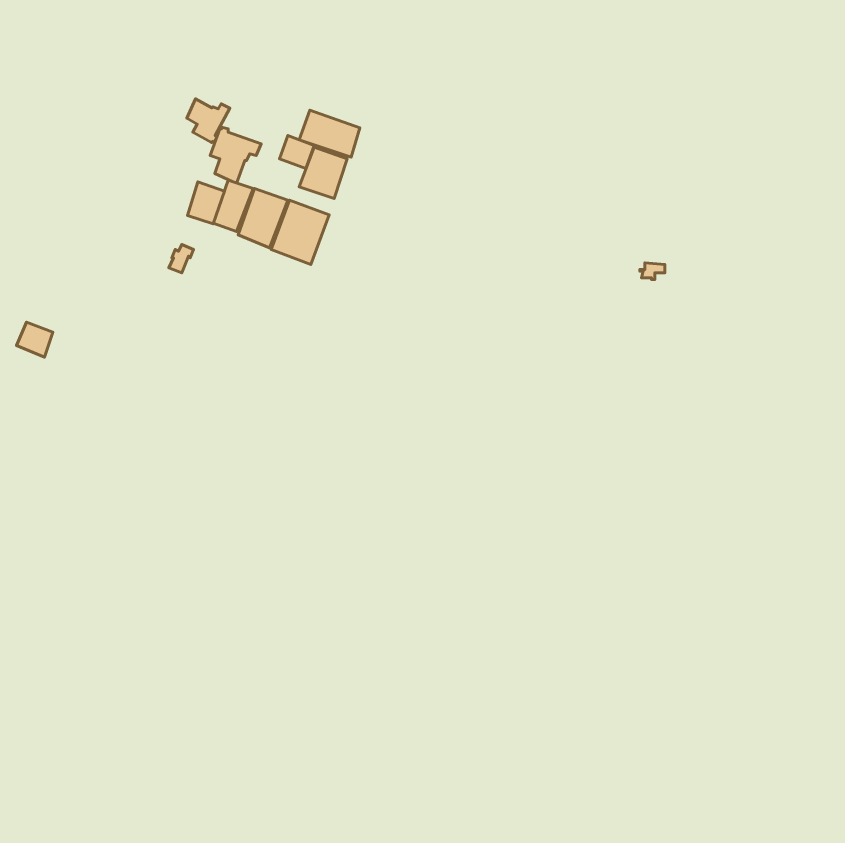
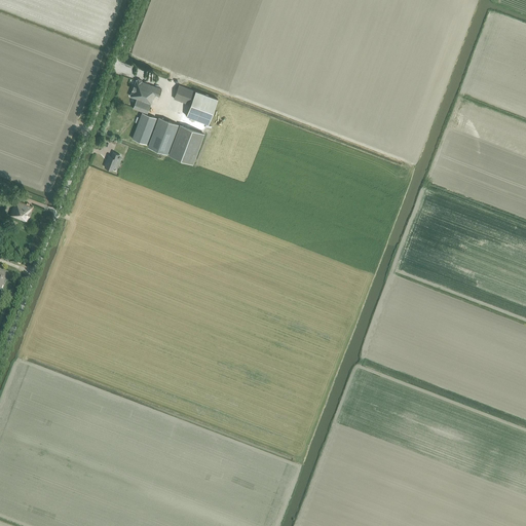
building: [187,99,230,143] -> none
building: [299,110,360,157] -> none
building: [187,182,224,224] -> none

